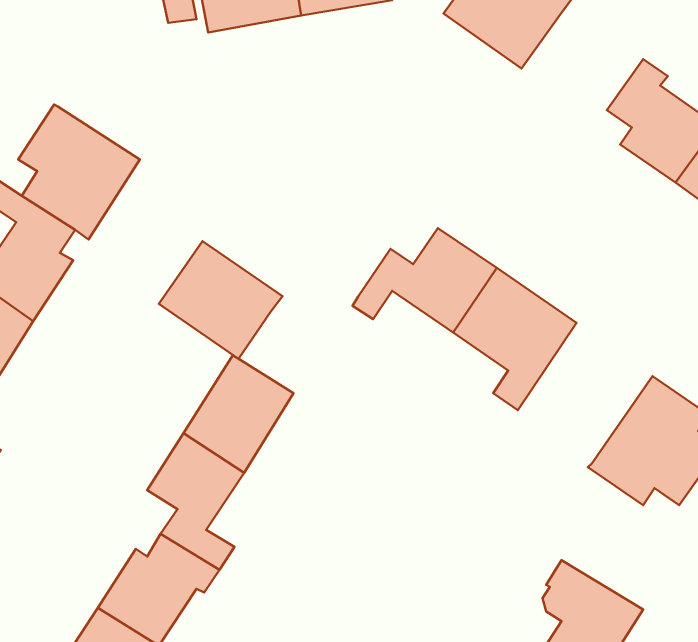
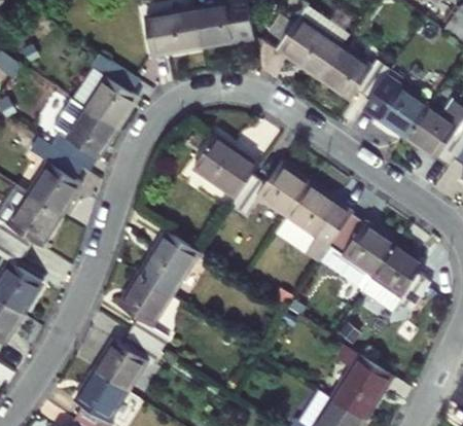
building: none -> [324,49,390,101]
building: none -> [73,55,147,128]
building: [159,241,282,359] -> [192,138,259,202]
building: none -> [322,216,395,292]

